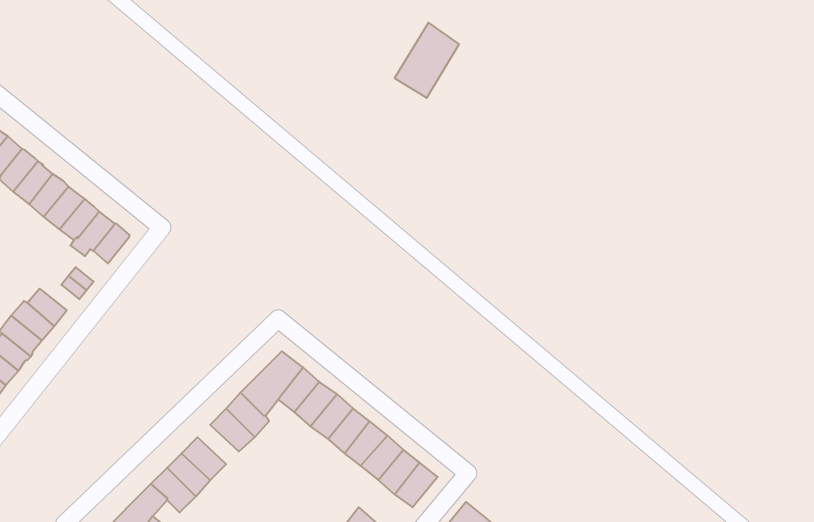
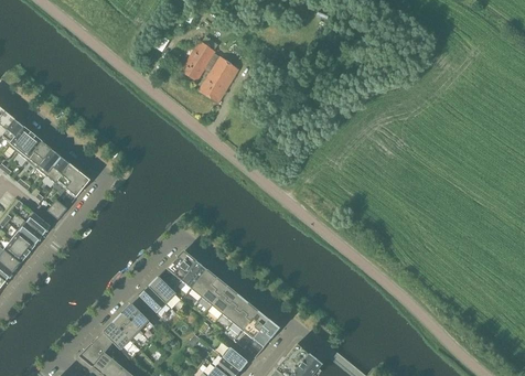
building: none -> [180,40,214,80]
building: [395,23,459,98] -> [197,55,237,101]

